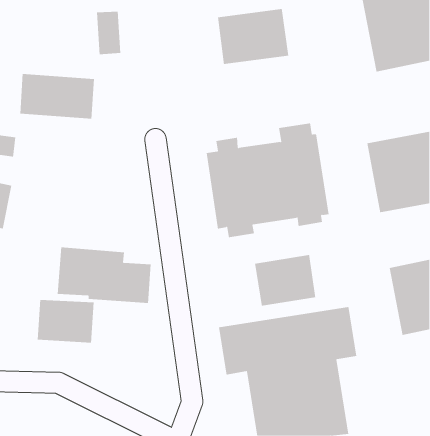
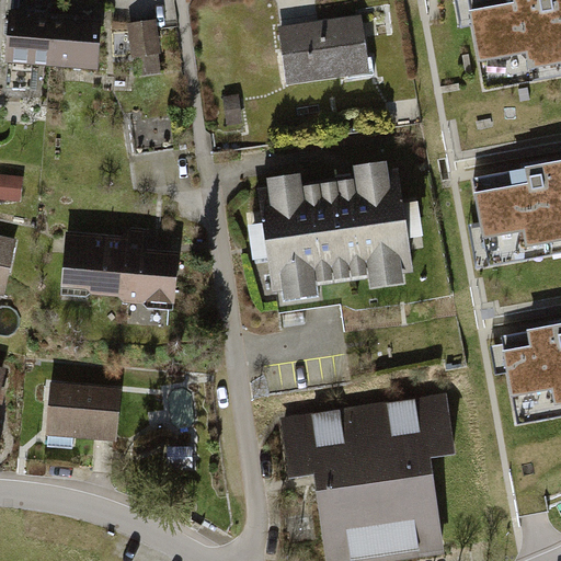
building: [19,74,95,119] -> [10,12,106,70]
building: [57,247,151,304] -> [59,229,180,301]
building: [254,254,316,306] -> none

